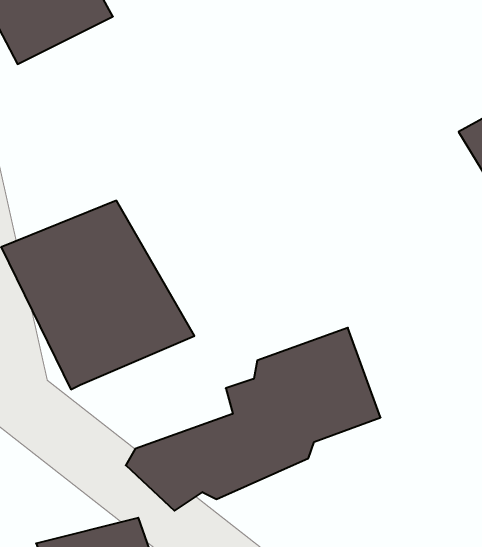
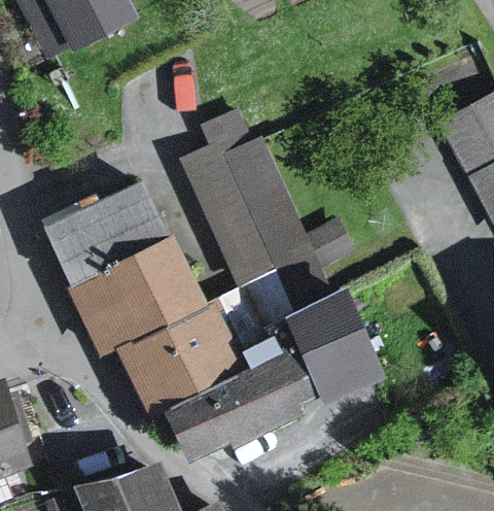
building: none -> [182,105,360,281]
building: none -> [107,299,242,416]

